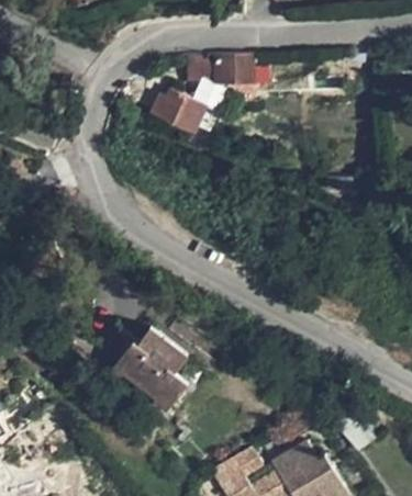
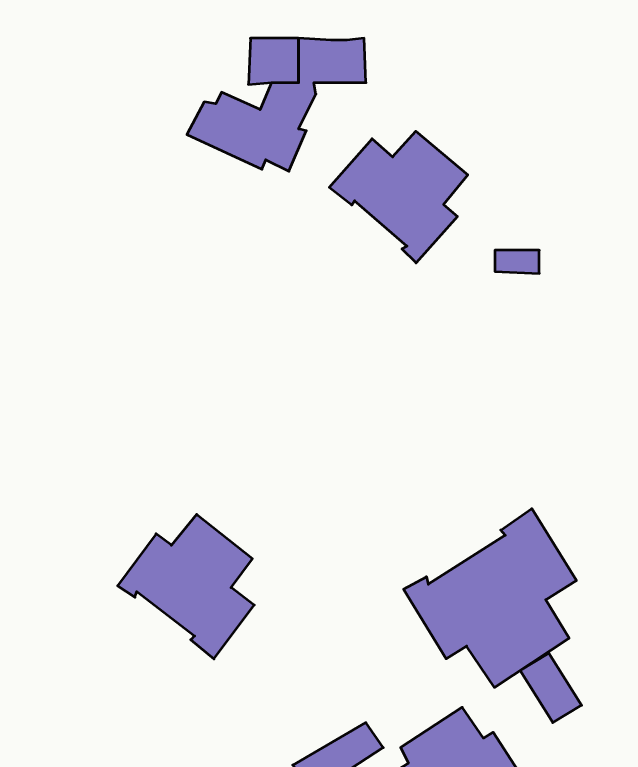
building: none -> [329,131,468,263]
building: none -> [404,509,576,687]

